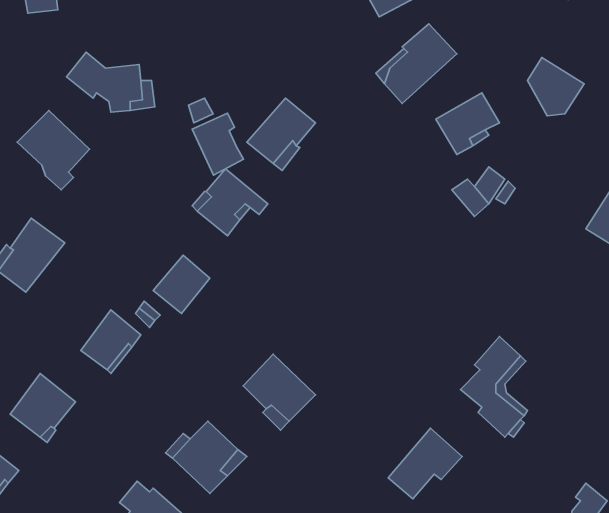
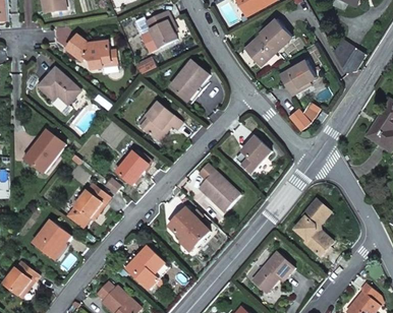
building: [192,113,243,175] -> [147,12,176,48]
building: none -> [235,135,271,173]
building: none -> [198,163,239,210]

